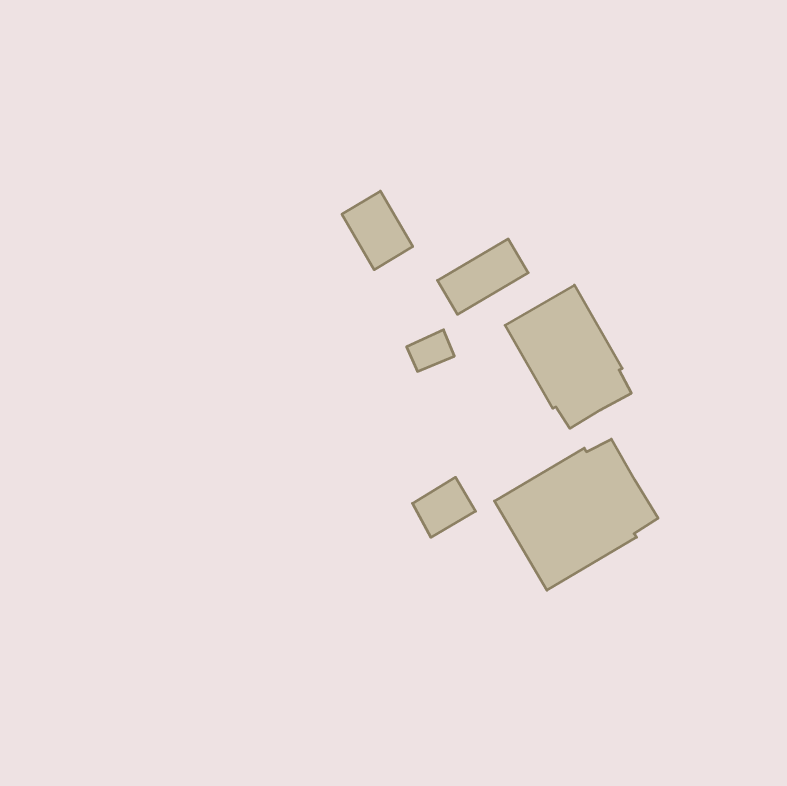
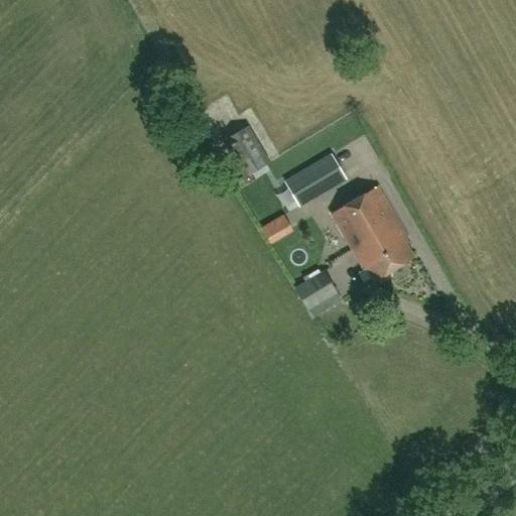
building: [494,439,658,590] -> none
building: [412,477,476,537] -> [295,270,337,309]

